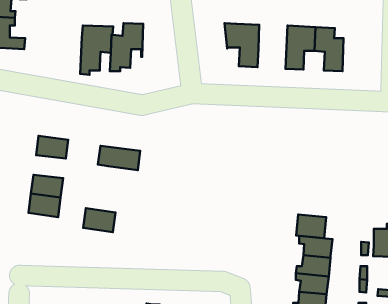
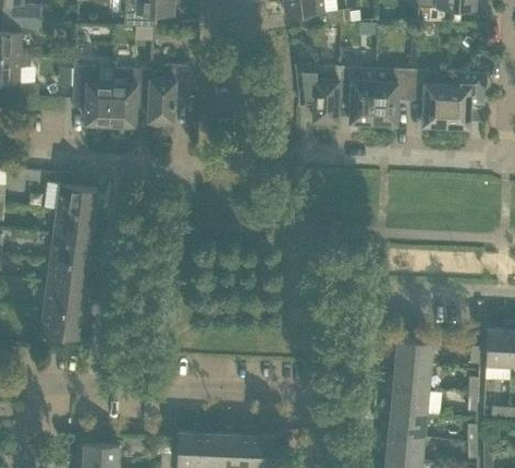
building: none -> [72,67,112,131]
building: none -> [339,68,376,124]
building: none -> [446,73,486,129]
building: [98,146,140,170] -> [44,184,98,216]
building: none -> [50,236,91,265]
building: [83,208,115,232] -> [40,310,82,340]
building: [296,215,326,238] -> none

